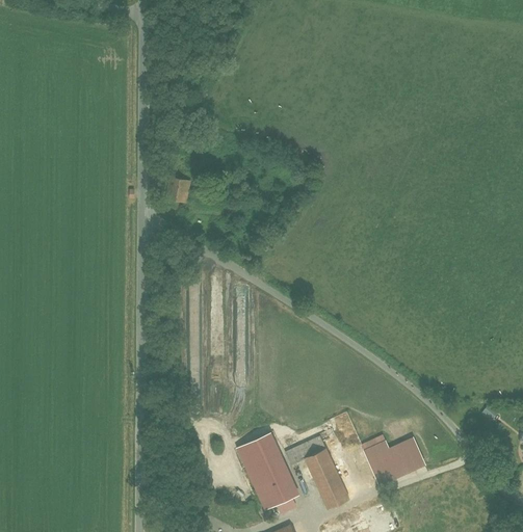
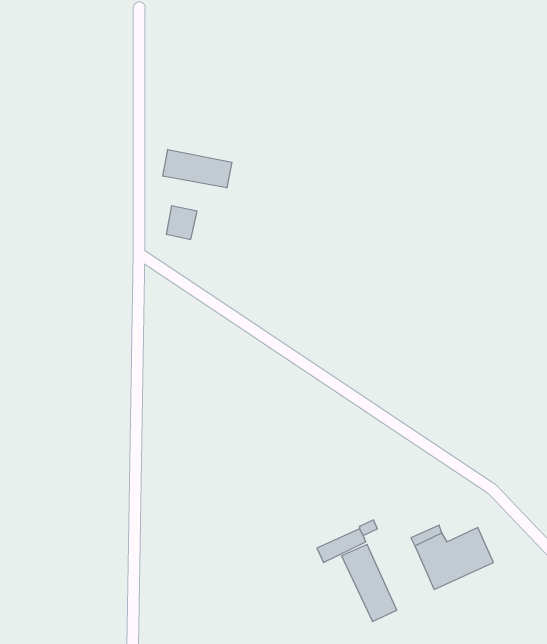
building: none -> [163,149,232,188]
building: [238,433,298,509] -> none

